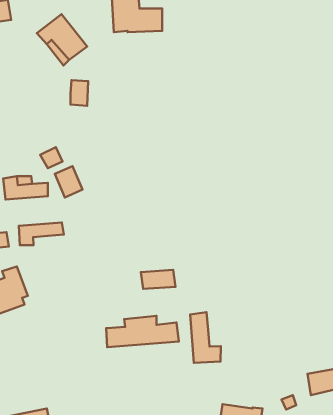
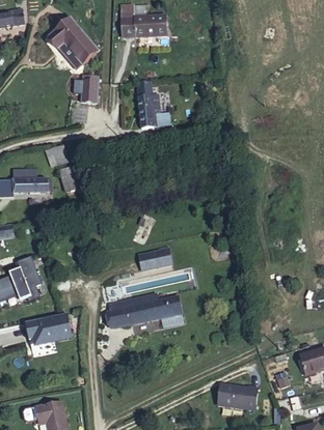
building: none -> [136,81,170,135]
building: [19,222,64,245] -> none
building: [190,312,221,363] -> none
building: none -> [24,318,69,344]

